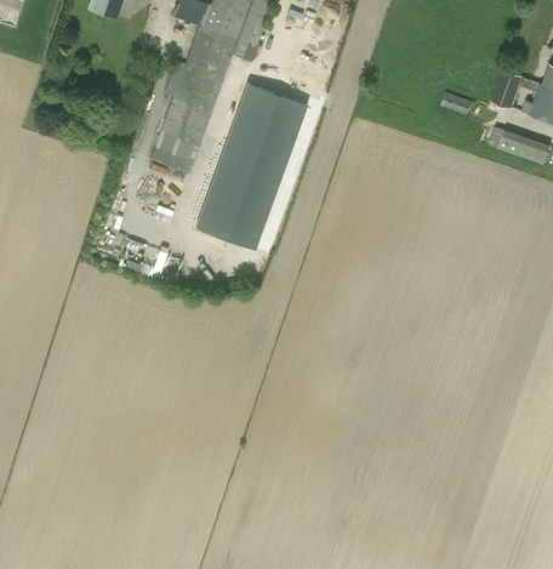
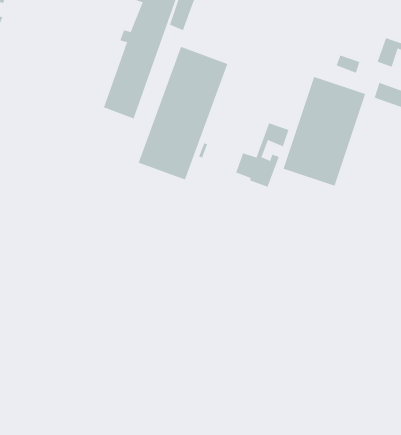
building: none -> [283,76,366,186]
building: none -> [236,122,289,188]

